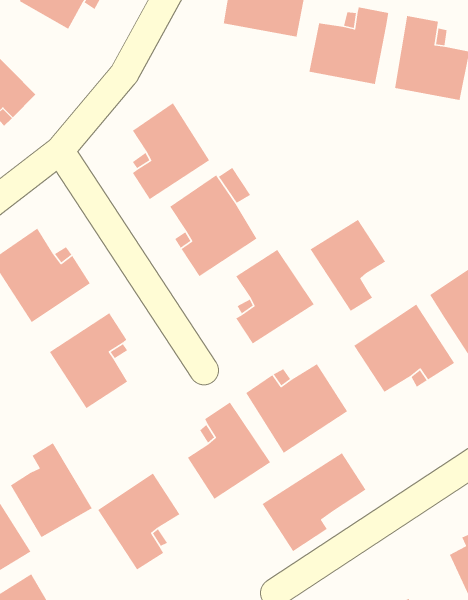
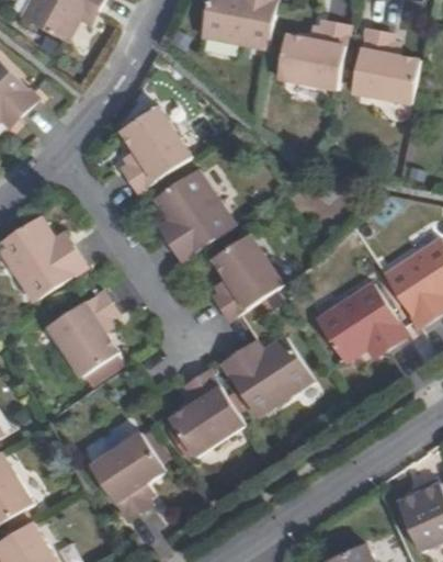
building: [310,219,386,312] -> none
building: [10,442,93,538] -> none
building: [261,452,367,552] -> none

